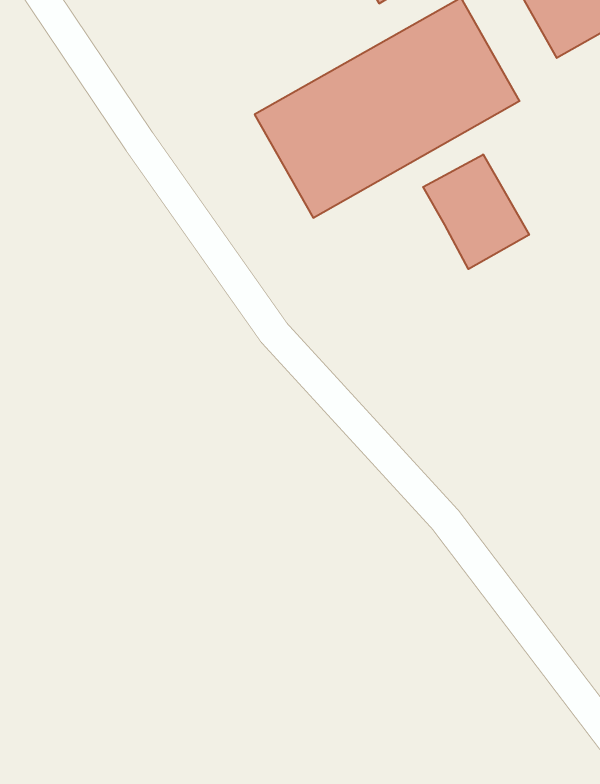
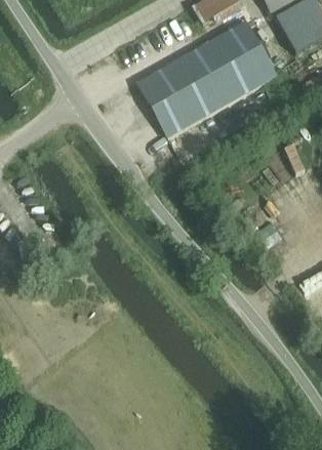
building: [423,154,529,269] -> none

